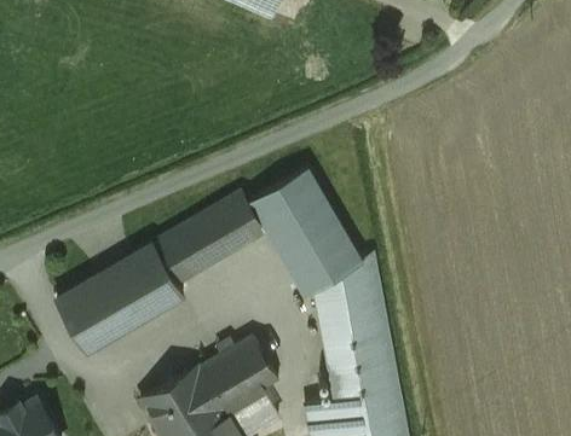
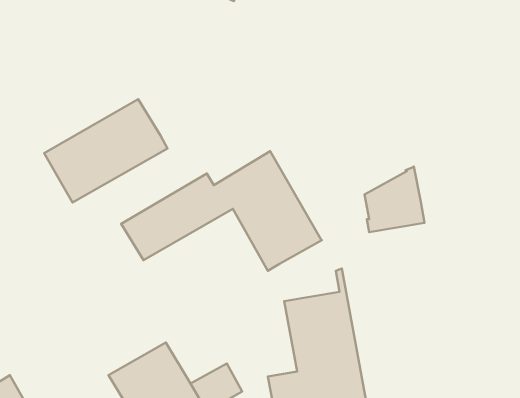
building: [56,244,183,350] -> [44,99,167,202]
building: [316,256,377,324] -> [365,167,424,232]
building: [198,335,277,408] -> none

